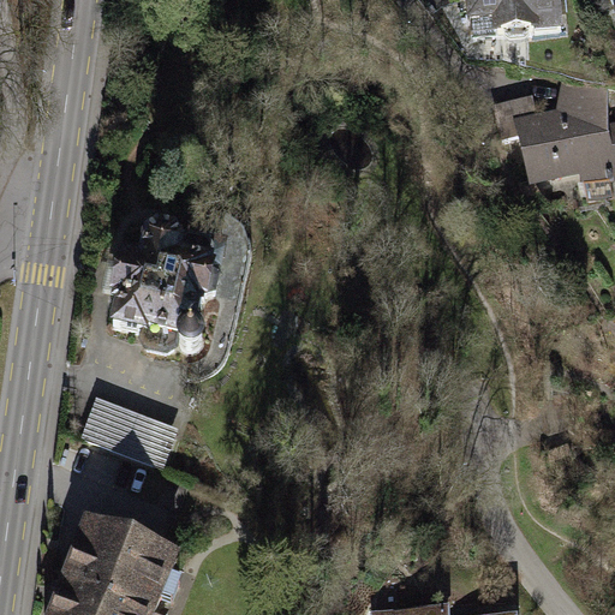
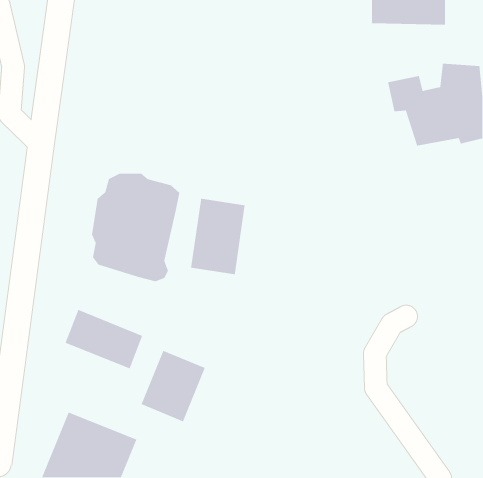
building: none -> [190,198,246,275]
building: none -> [141,350,206,423]

